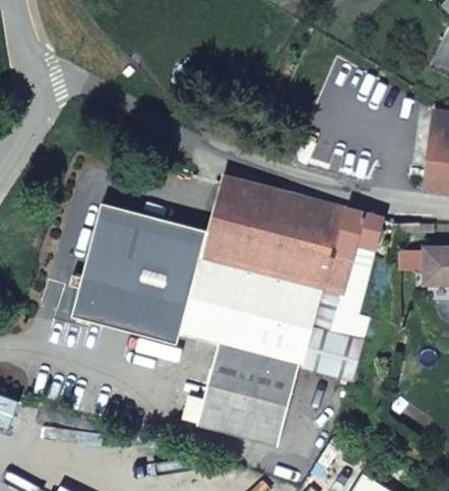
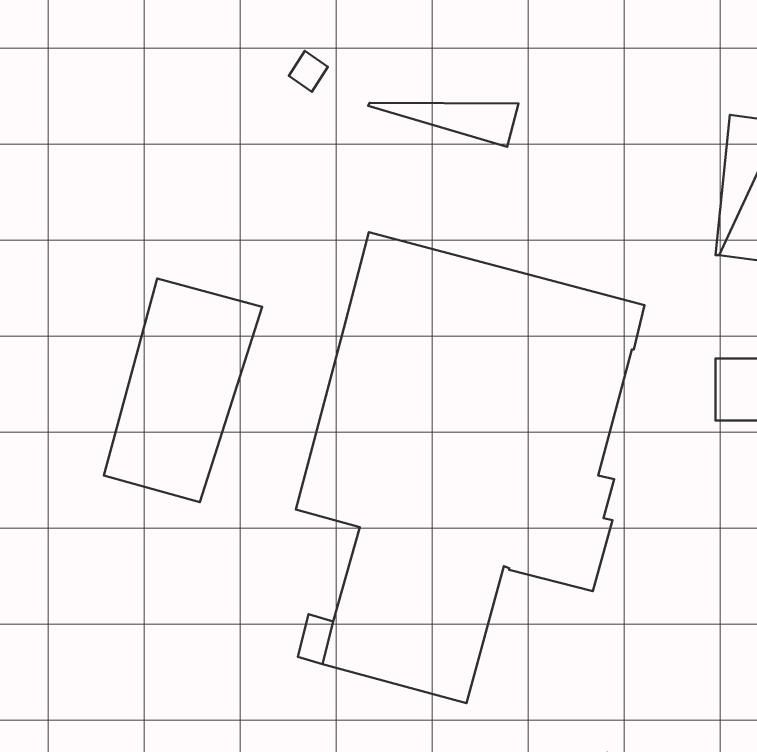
building: none -> [368,103,519,147]
building: [129,219,211,344] -> none

